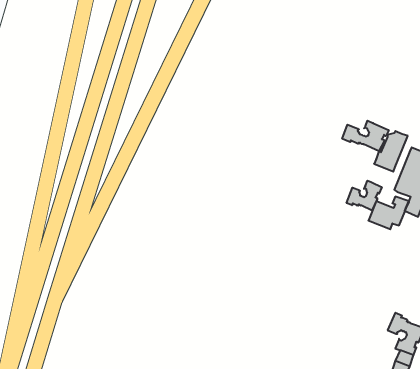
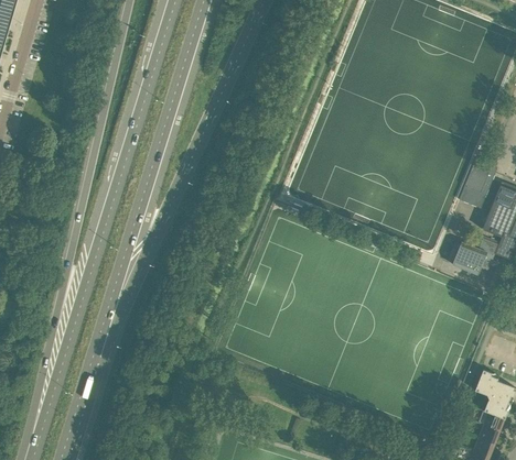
building: [342,121,389,151] -> none
building: [347,181,382,210] -> none

